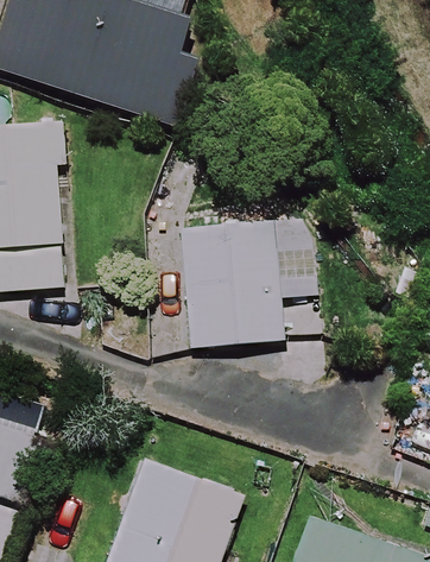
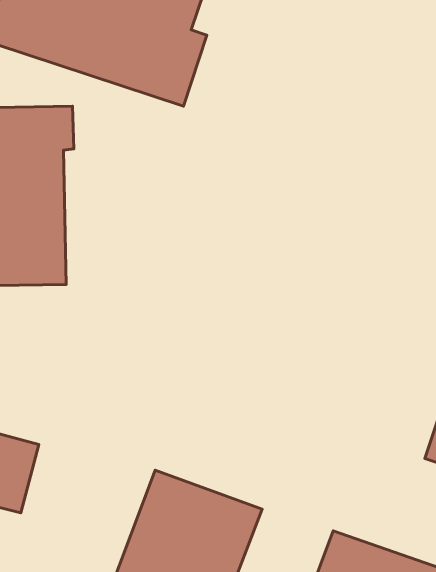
building: [182,219,320,348] -> none

